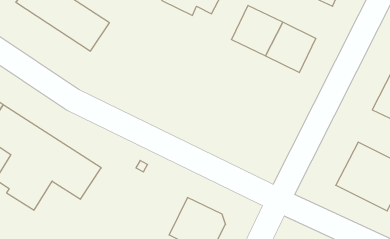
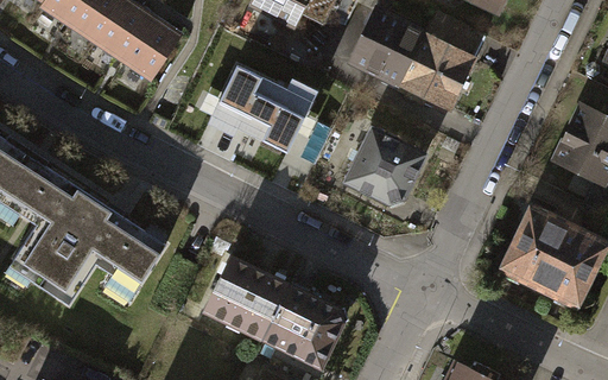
building: none -> [425,11,484,58]
building: none -> [202,66,318,154]
building: none -> [344,128,425,202]
building: none -> [204,258,289,340]

